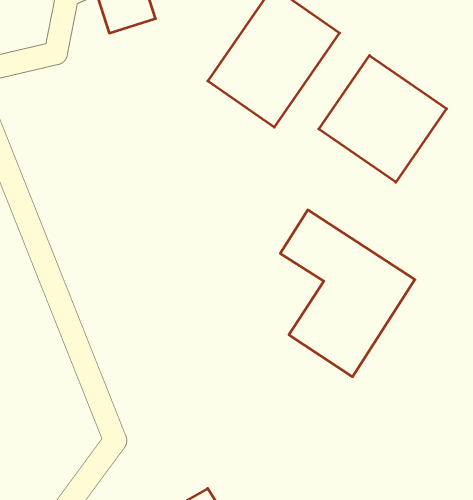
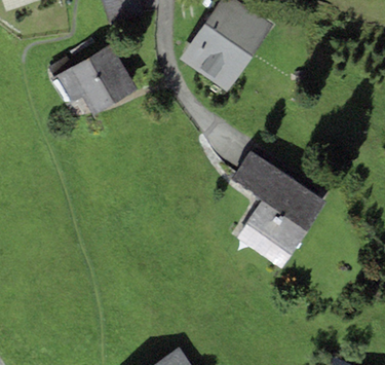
building: [319,55,447,182] -> none
building: none -> [51,44,138,115]

